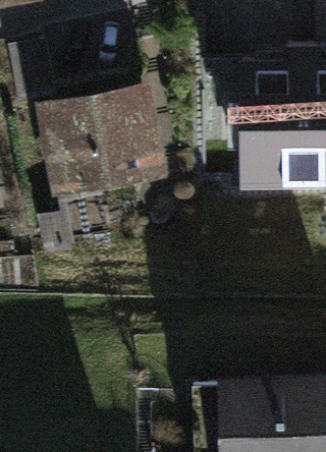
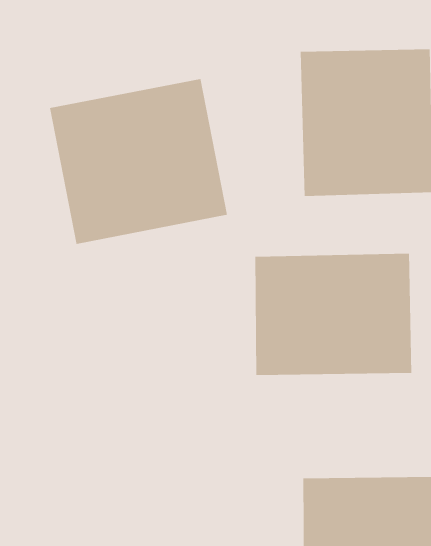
building: none -> [255,253,412,376]

